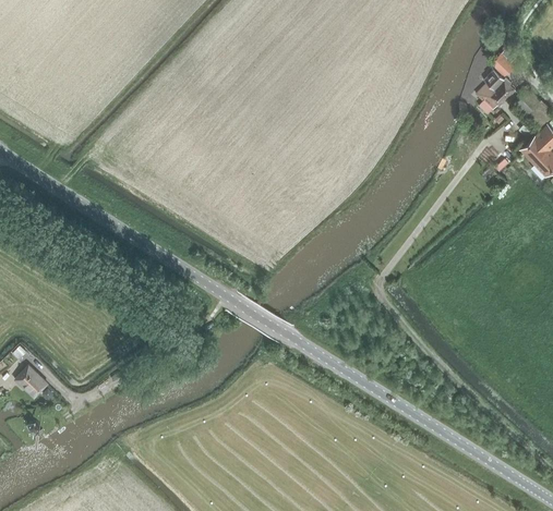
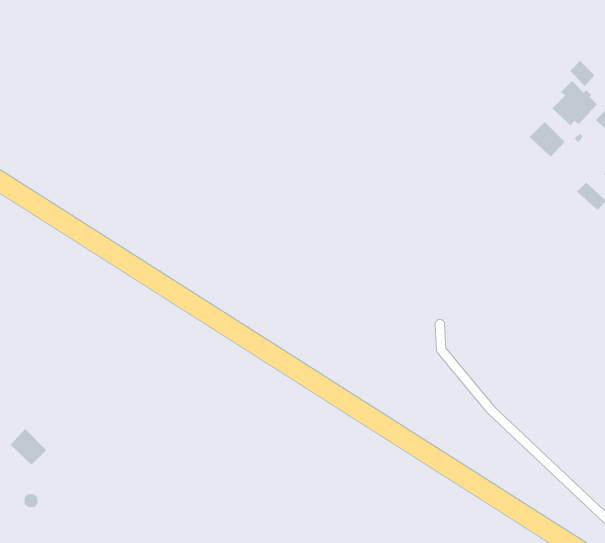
building: none -> [529,121,566,158]

